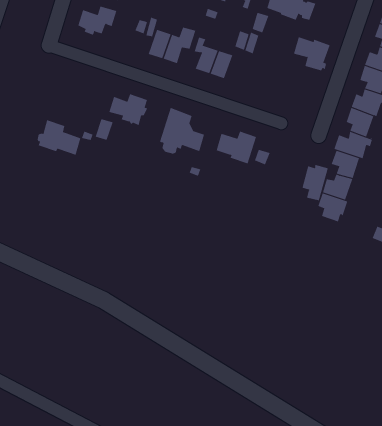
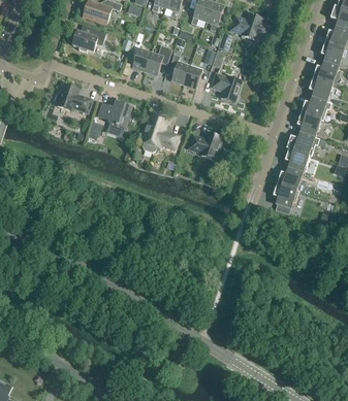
building: [293,36,330,71] -> [211,73,242,102]
building: [37,120,81,155] -> [55,83,92,113]
building: [302,164,329,201] -> none

